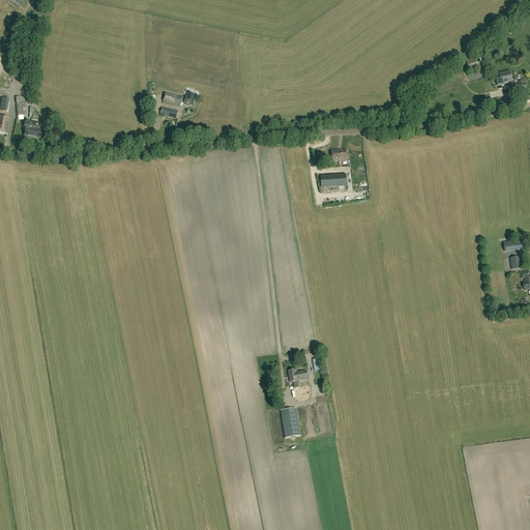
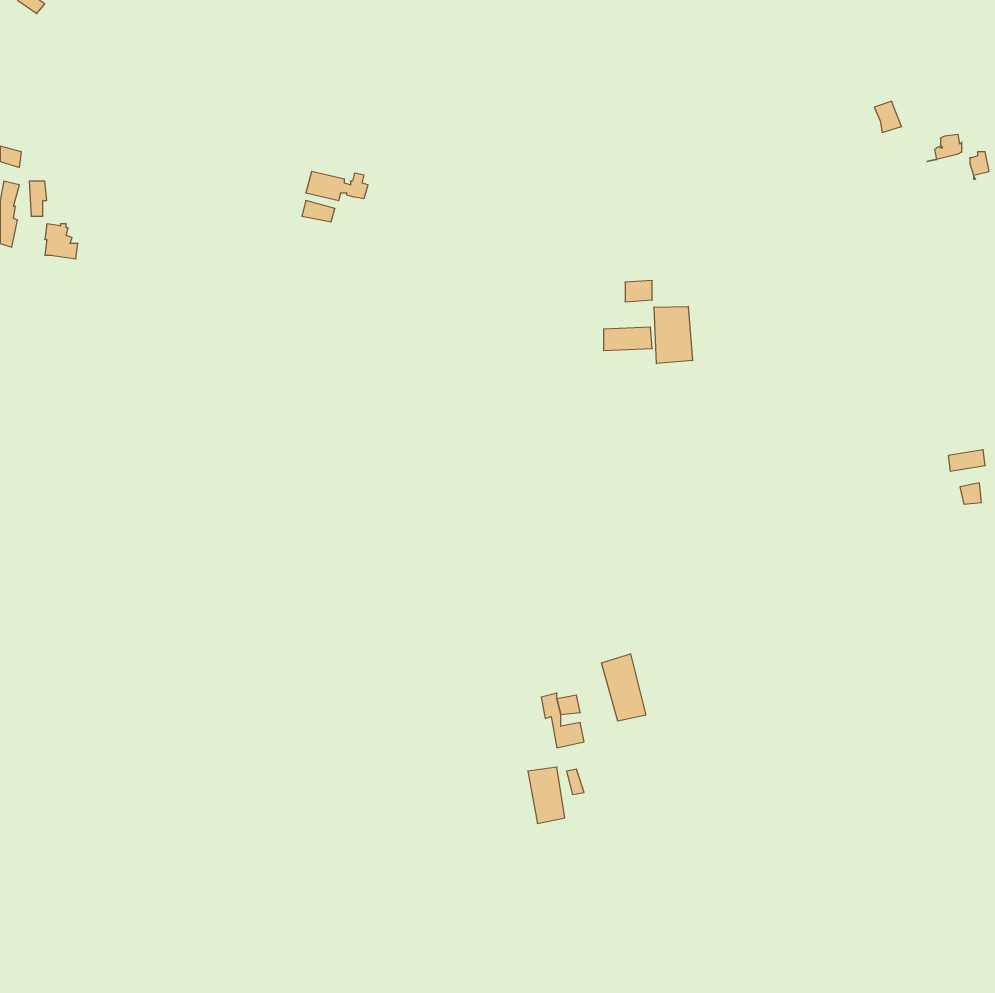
building: none -> [654,306,692,364]
building: none -> [601,654,646,721]

